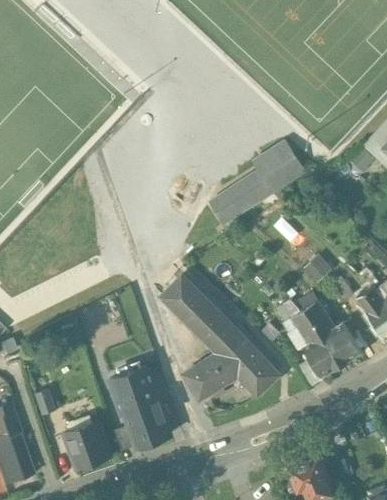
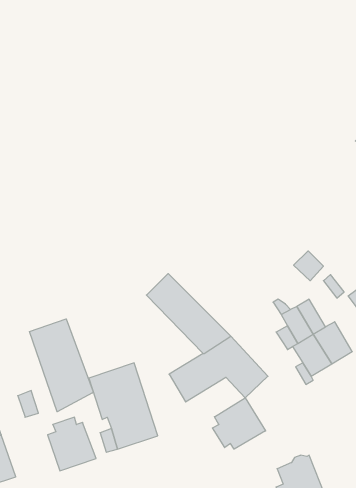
building: [209,137,308,225] -> none
building: none -> [29,319,93,412]
building: none -> [212,398,266,449]

